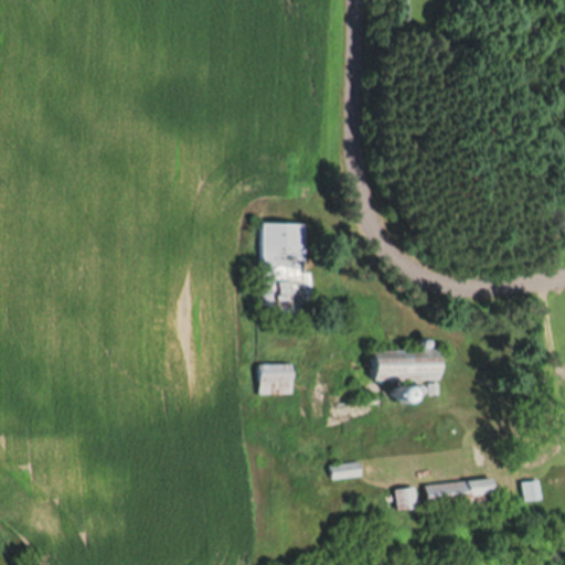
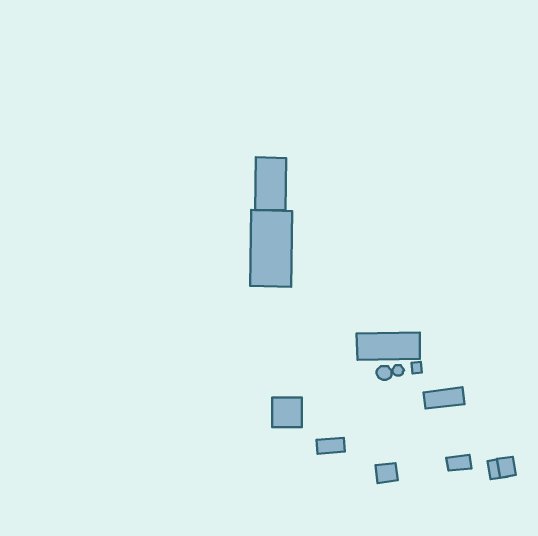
building: none -> [255,157,286,210]
building: [263,363,294,394] -> [272,398,302,427]
building: [426,481,469,503] -> [423,387,465,408]

